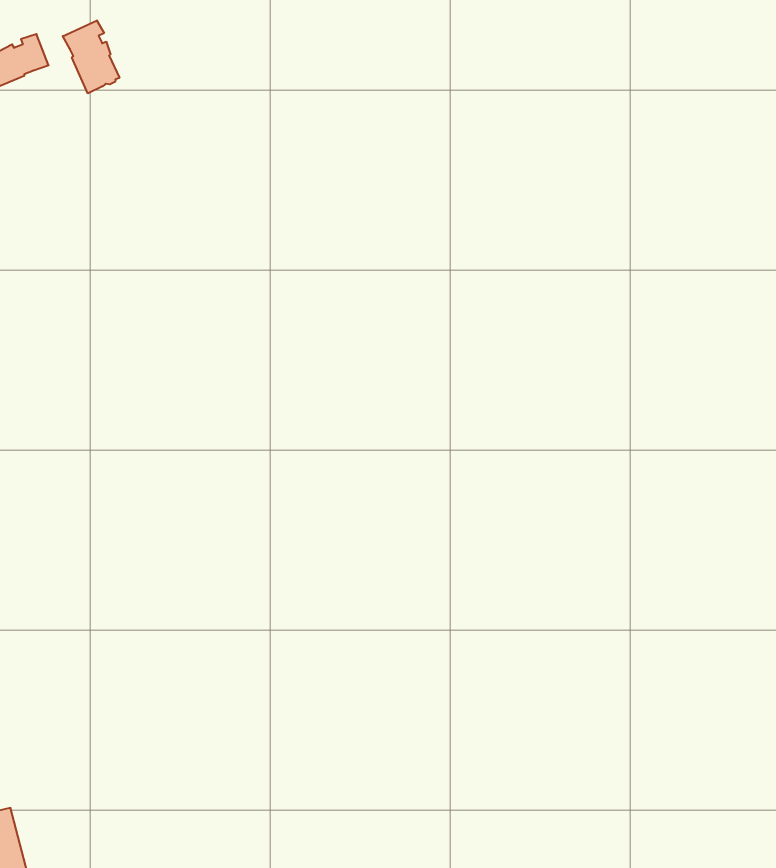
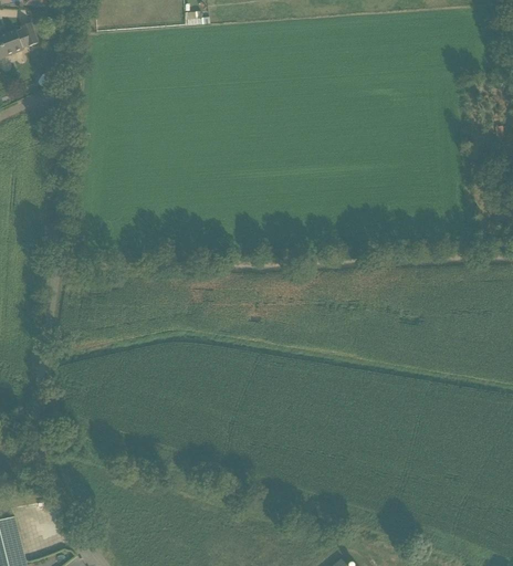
building: [63,20,119,93] -> none

